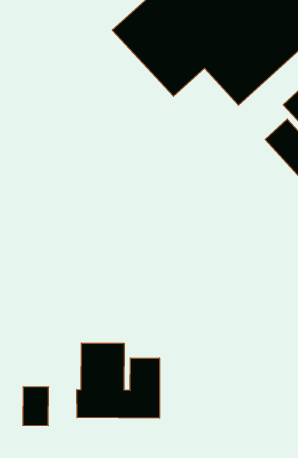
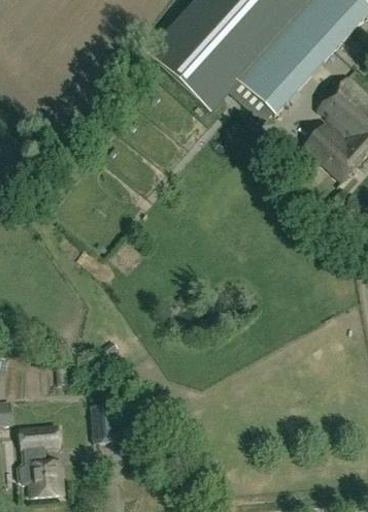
building: [77,343,160,418] -> none

